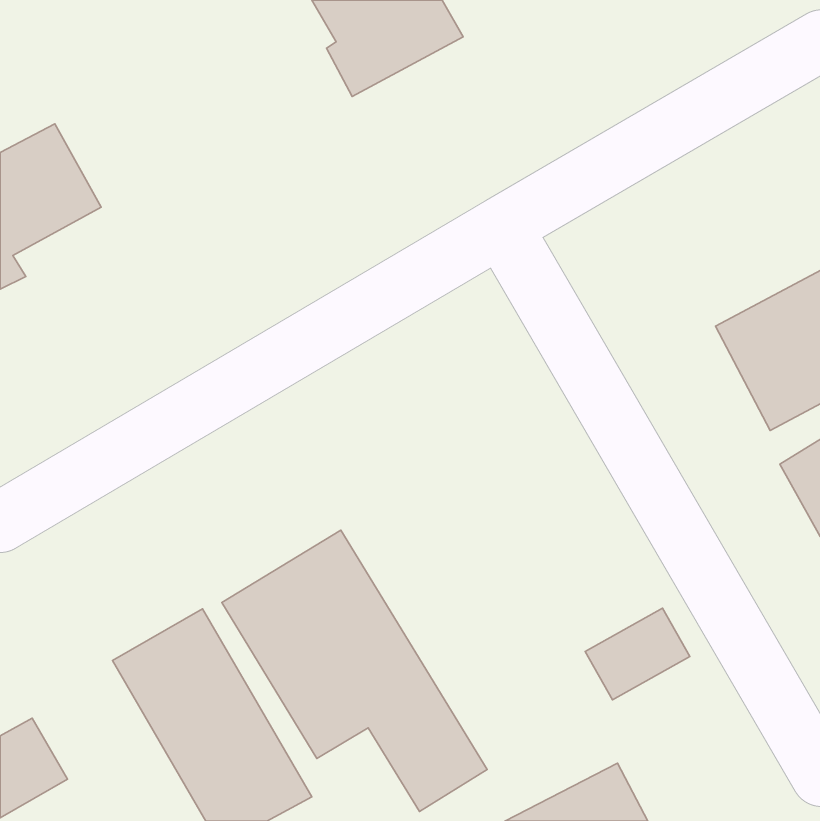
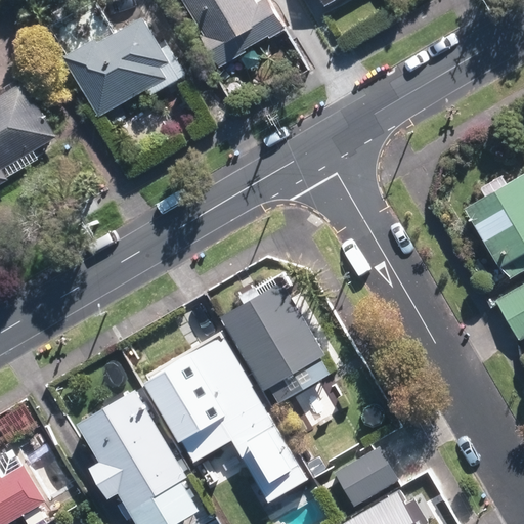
building: none -> [76,13,178,111]
building: none -> [218,275,333,402]
building: [585,608,690,700] -> [323,447,390,506]

